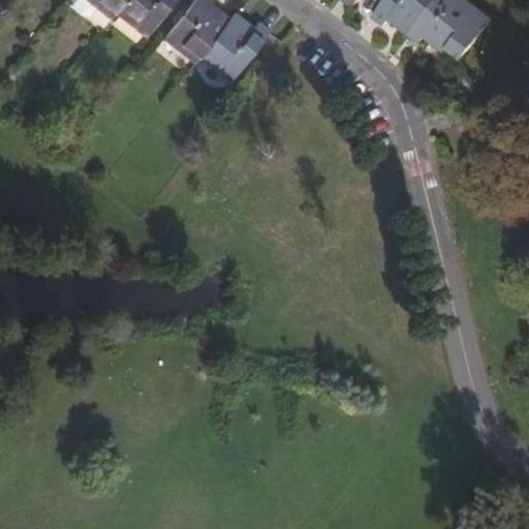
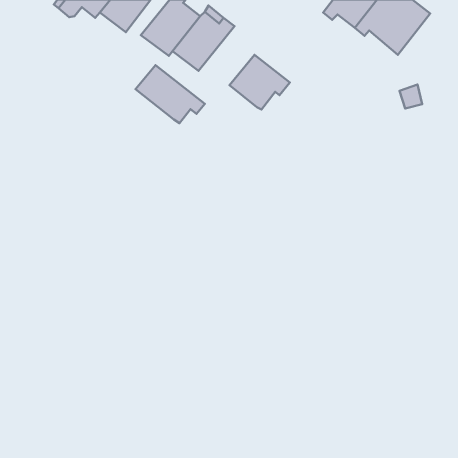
building: none -> [229,55,290,109]
building: none -> [136,65,205,123]

